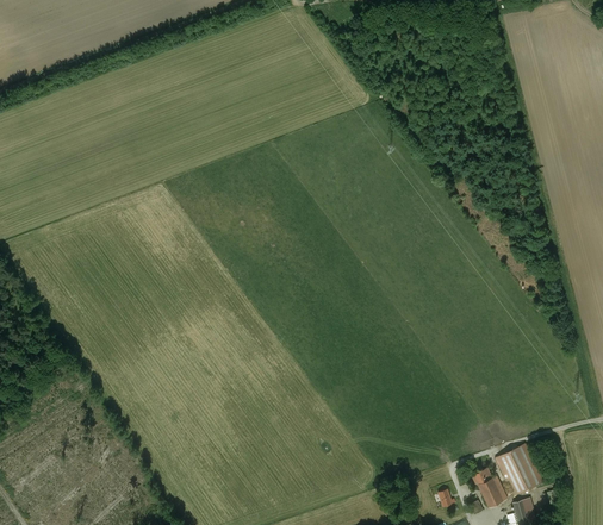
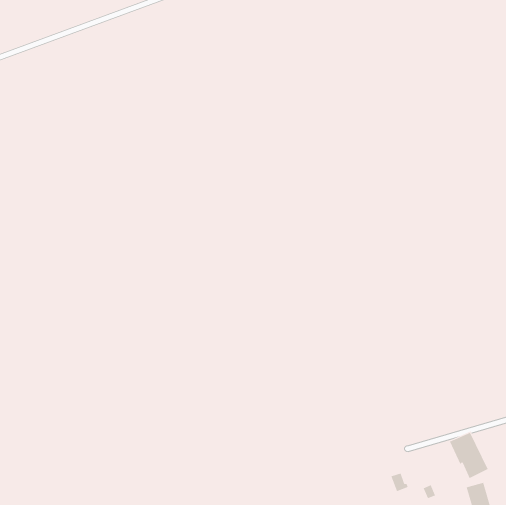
building: [472,467,508,507] -> none

